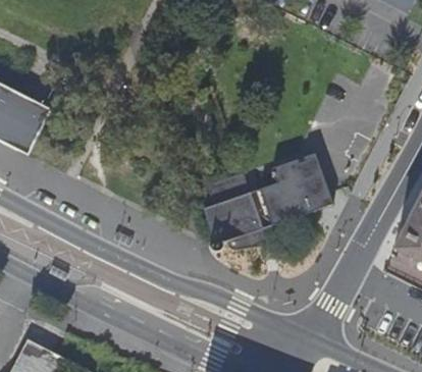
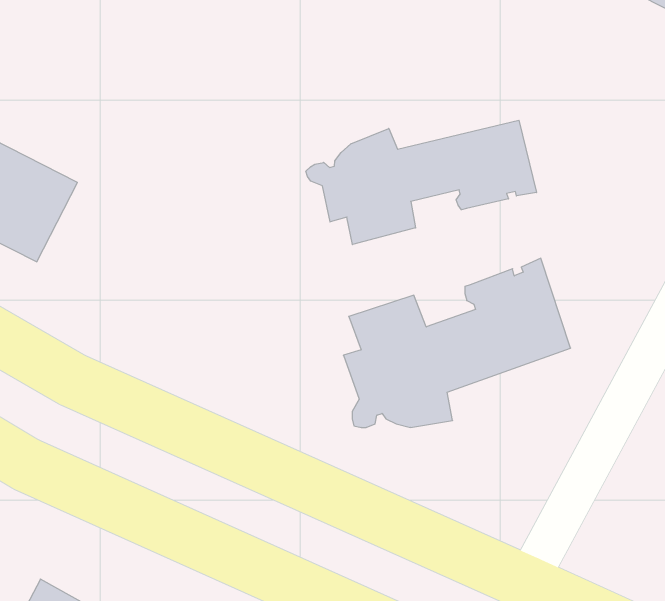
building: none -> [306,120,536,245]

